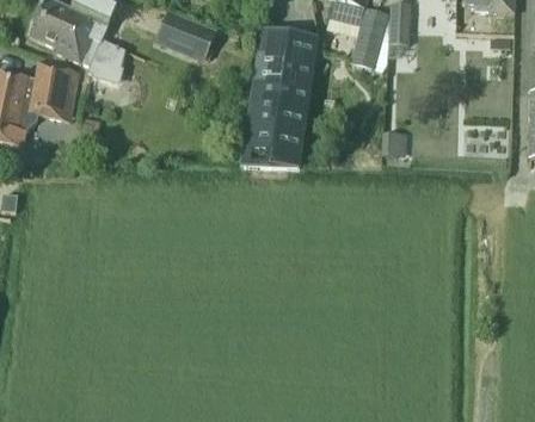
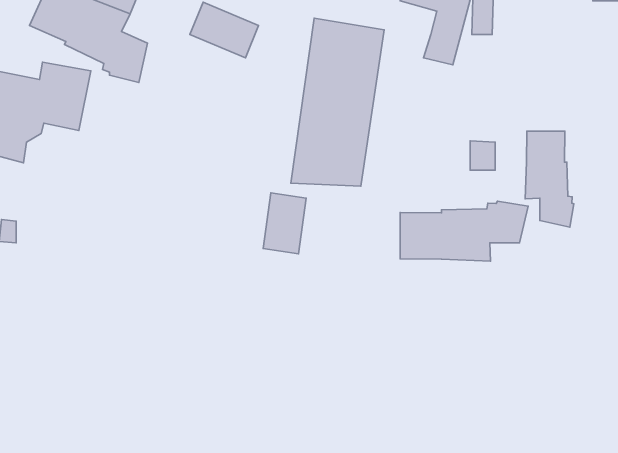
building: none -> [525,131,574,227]
building: none -> [263,193,306,254]
building: none -> [400,201,528,261]

